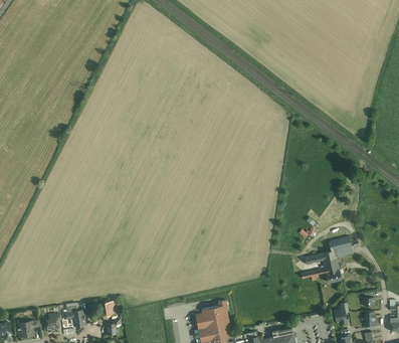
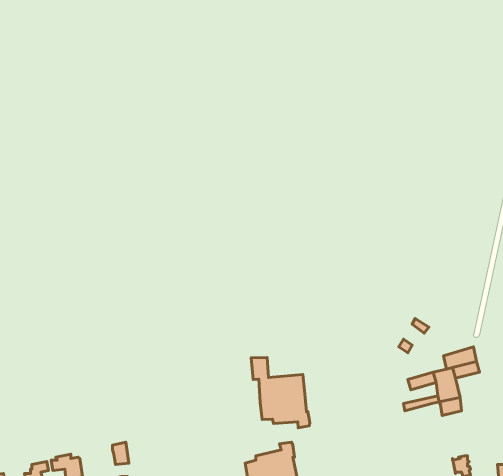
building: none -> [251,357,310,428]

